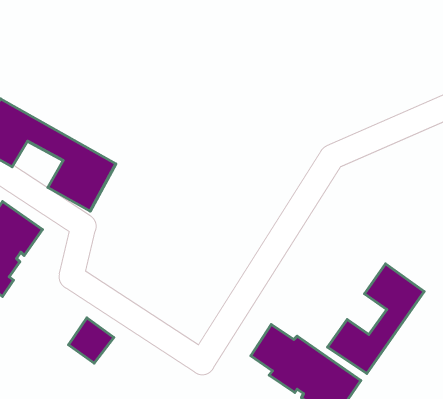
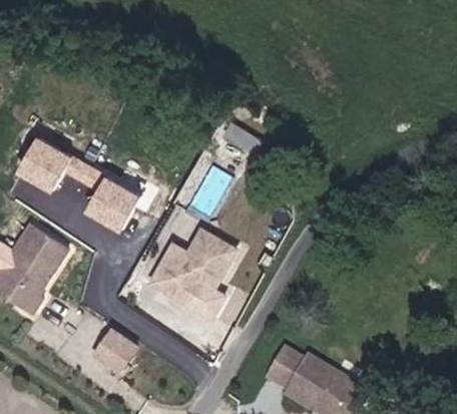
building: none -> [141,223,239,316]
building: [328,264,424,374] -> none

